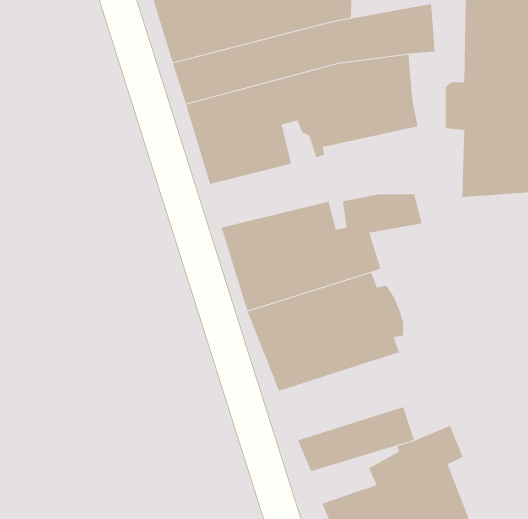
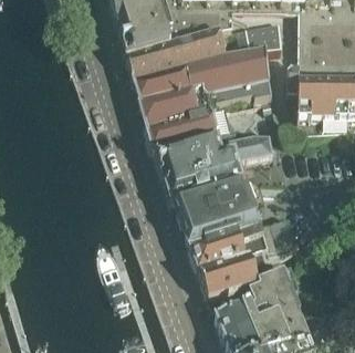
building: none -> [148,116,219,157]
building: none -> [189,224,294,283]

